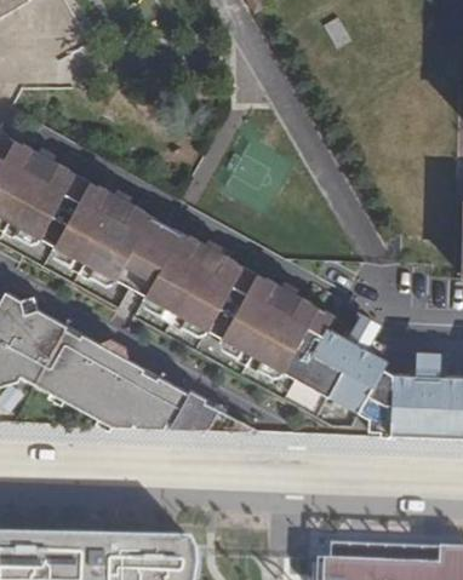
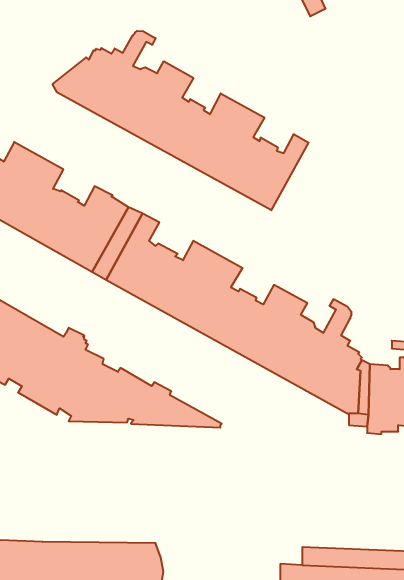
building: none -> [53,31,309,210]

